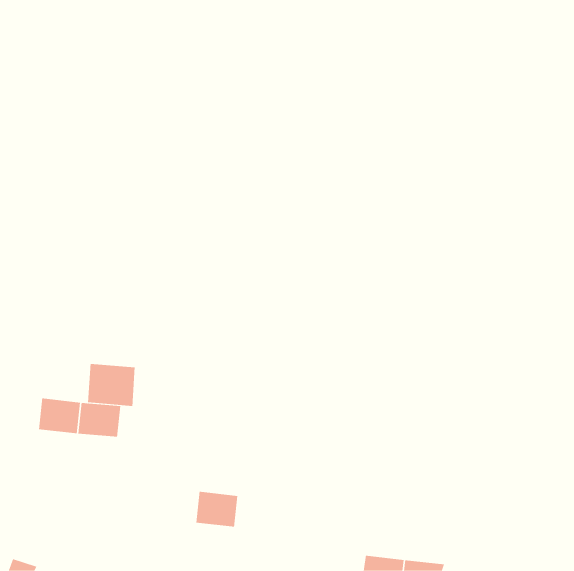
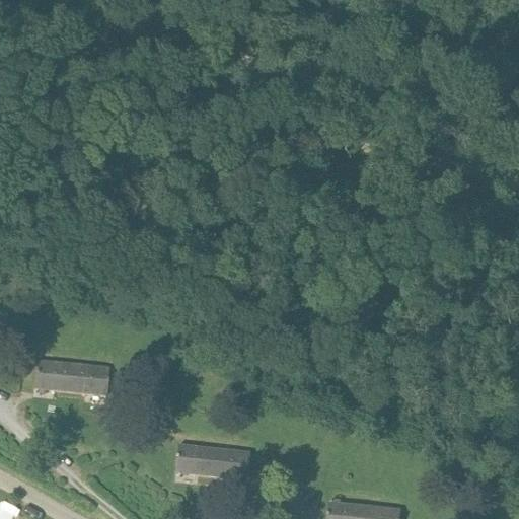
building: [88,363,135,407] -> none
building: none -> [212,447,251,479]

